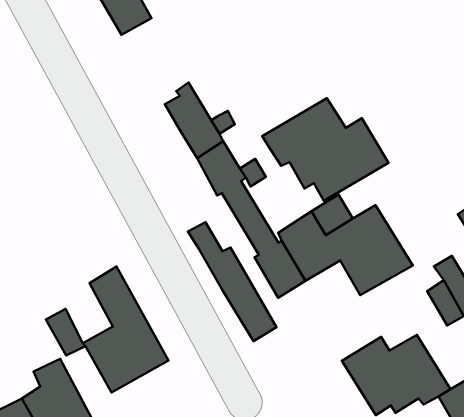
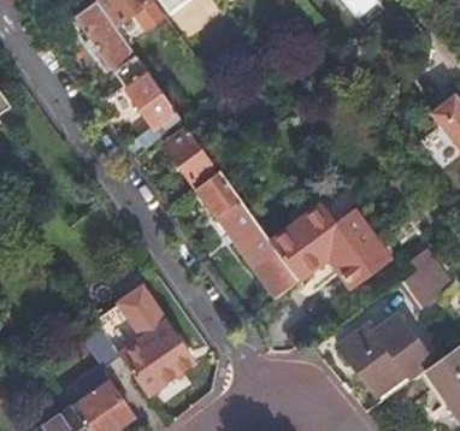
building: none -> [126,75,182,148]
building: [262,98,388,201] -> none
building: [188,222,276,341] -> none

